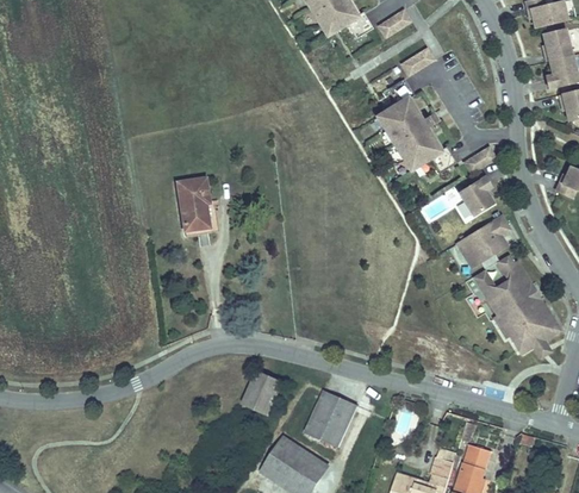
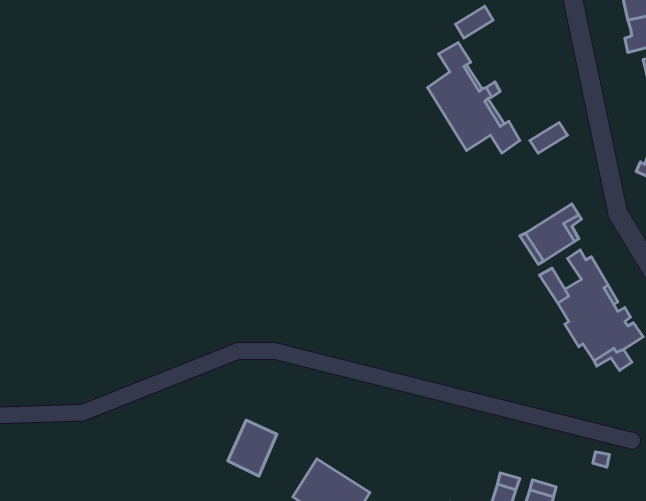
building: [179,177,210,229] -> none
building: [459,177,492,216] -> none
building: [241,364,282,412] -> [228,420,277,476]
building: [306,385,356,441] -> none

